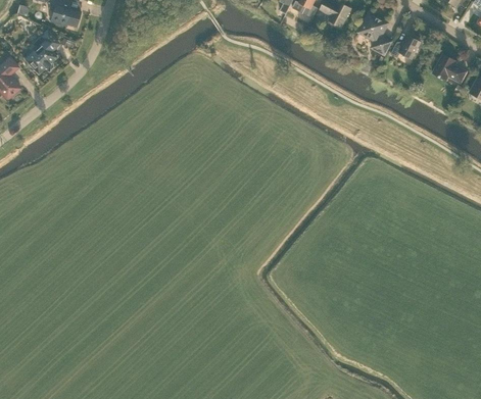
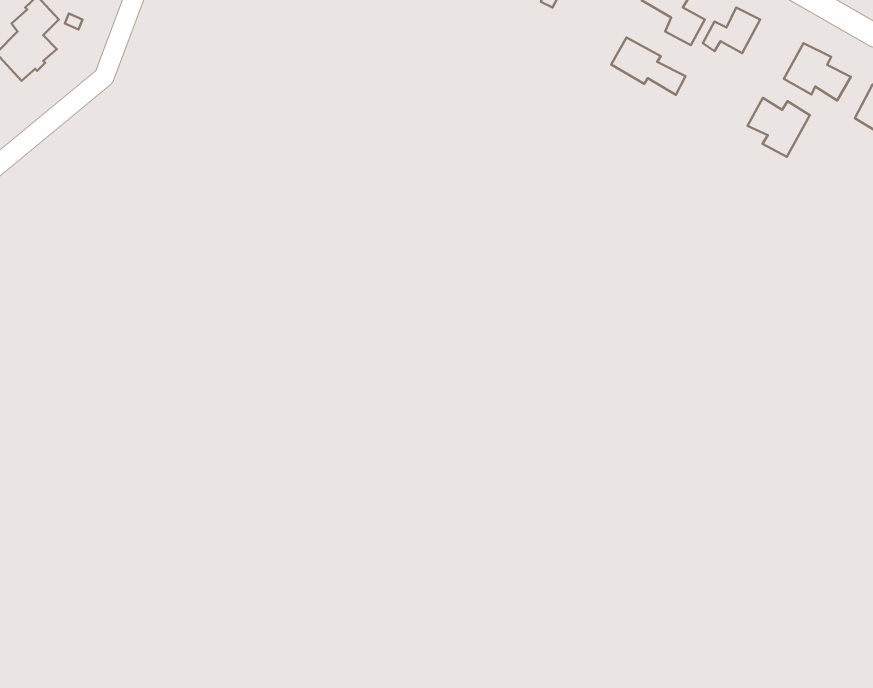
building: none -> [611,37,685,95]
building: none -> [748,98,810,157]

